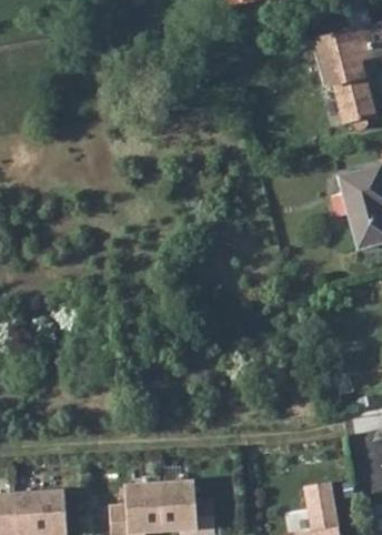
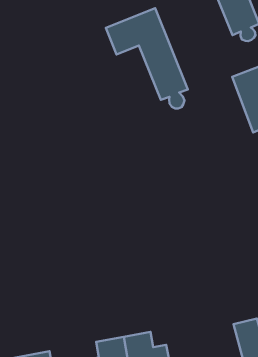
building: none -> [106,8,188,108]

